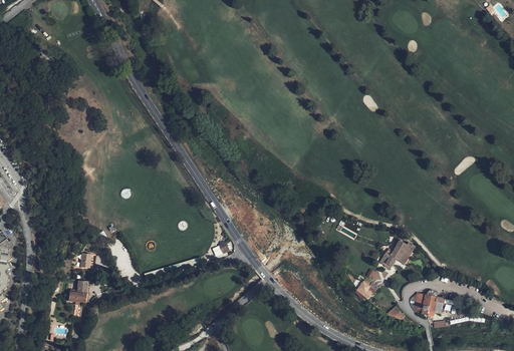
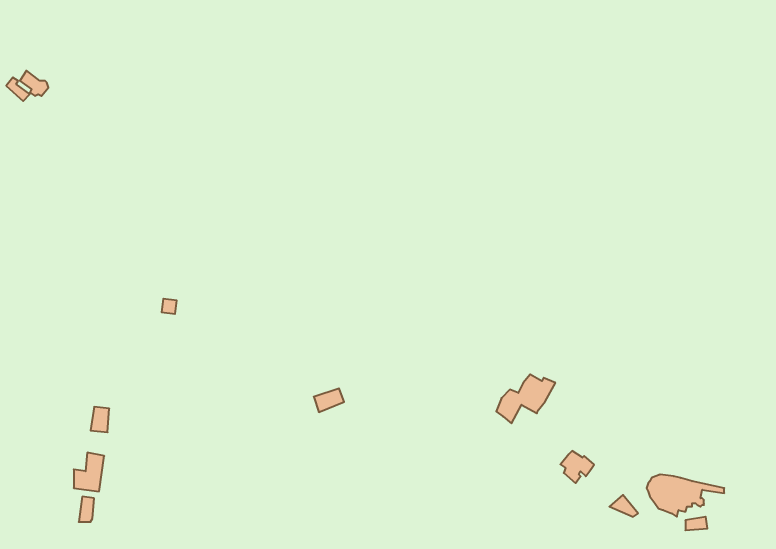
building: [379,240,415,269] -> [496,374,555,423]

